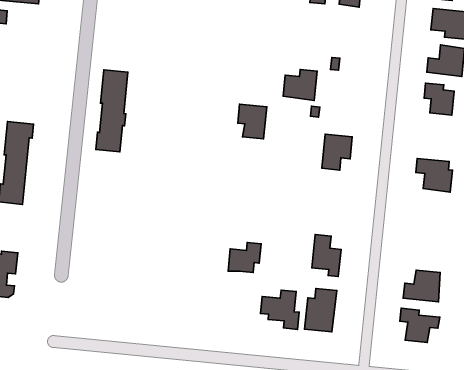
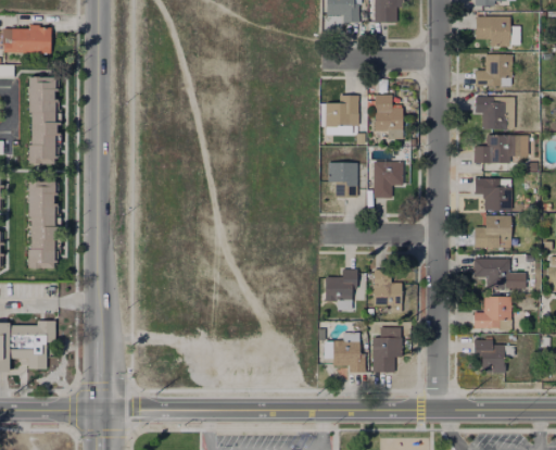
building: [96,70,128,152] -> [31,77,60,163]
building: none -> [374,93,402,129]
building: [238,104,267,139] -> [327,162,356,197]
building: none -> [473,134,515,162]
building: none -> [475,214,511,249]
building: none -> [472,258,526,285]
building: [228,243,261,273] -> [324,268,356,301]

